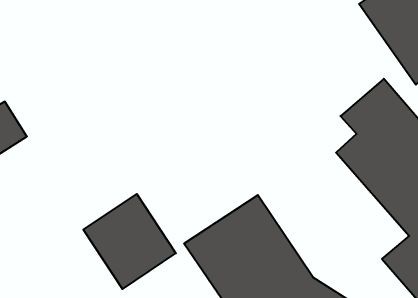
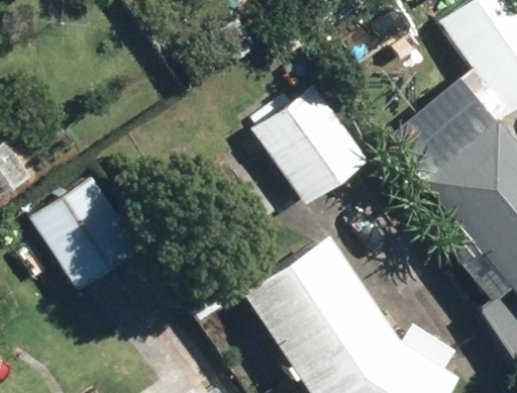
building: none -> [252,78,372,205]
building: [83,194,176,289] -> [31,175,141,288]

